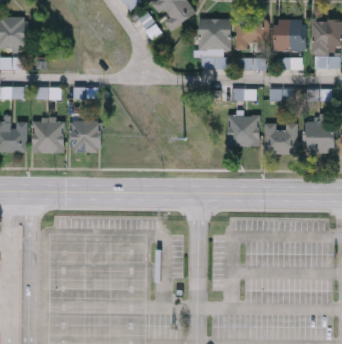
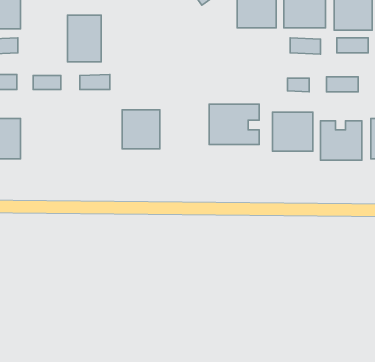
building: none -> [68,15,101,62]
building: none -> [209,104,259,145]
building: [32,120,63,153] -> none
building: [70,121,100,152] -> [122,110,160,149]

